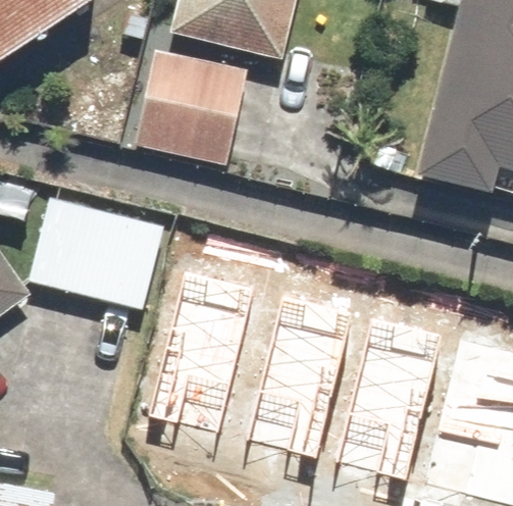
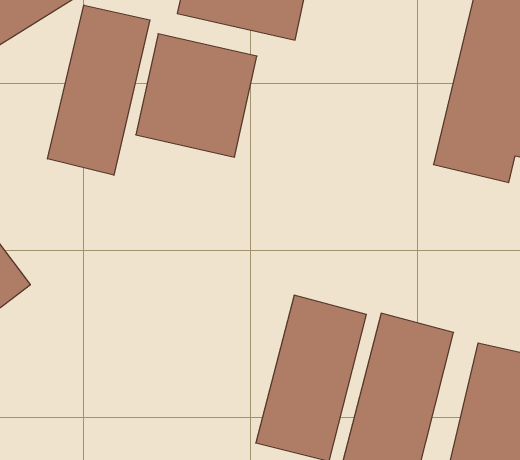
building: none -> [48,5,150,175]
building: [31,200,163,307] -> none
building: [147,268,253,427] -> none

